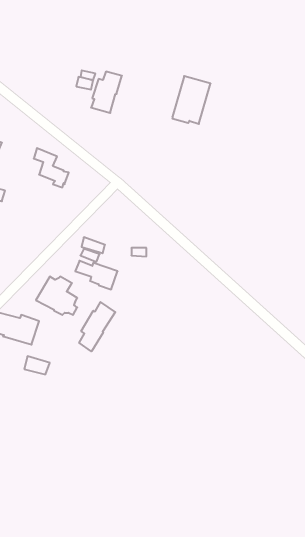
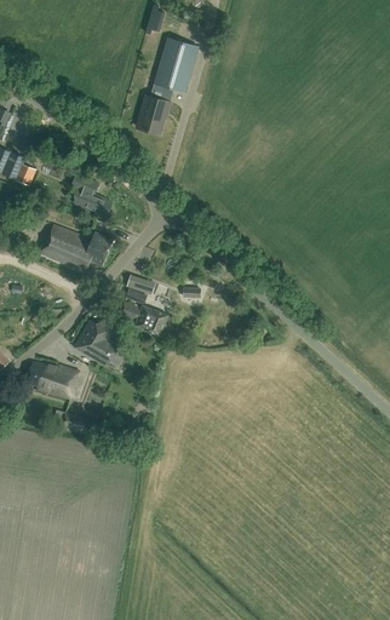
building: [172,76,211,124] -> [155,38,199,92]
building: none -> [42,224,113,271]
building: [79,302,115,351] -> none

